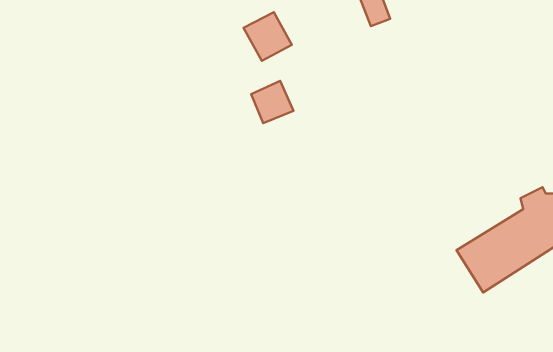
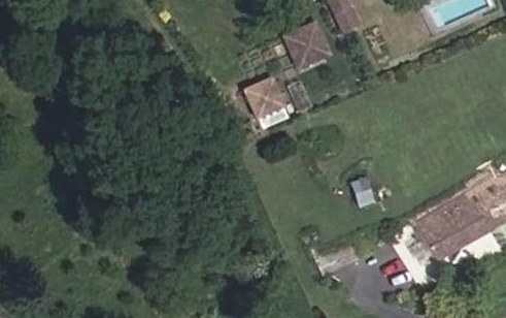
building: [244,12,292,61] -> [284,25,326,66]

